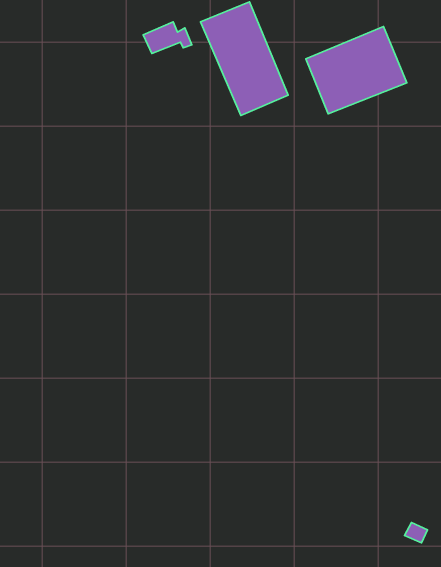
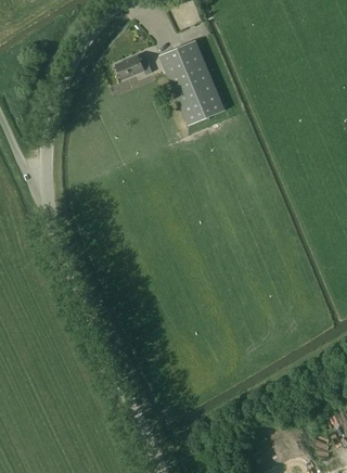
building: [306,27,407,114] -> none

